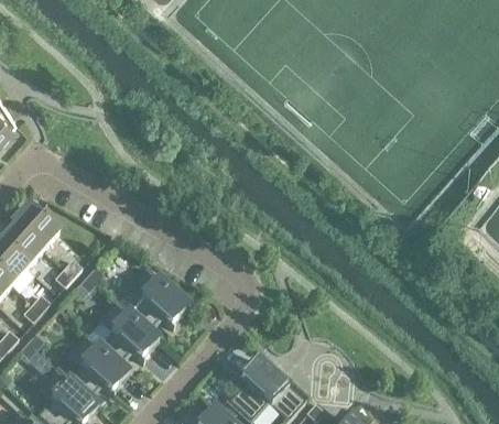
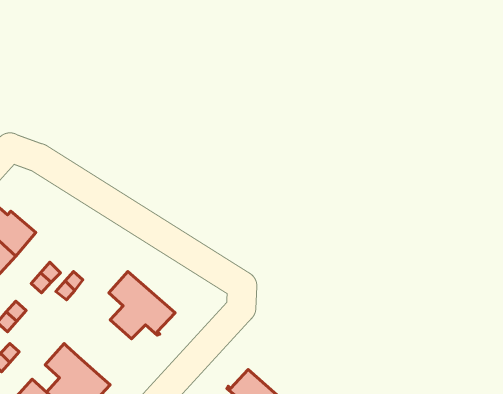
building: [87,298,158,362] -> none

